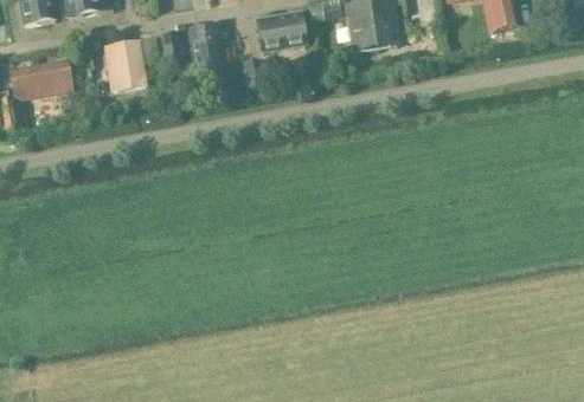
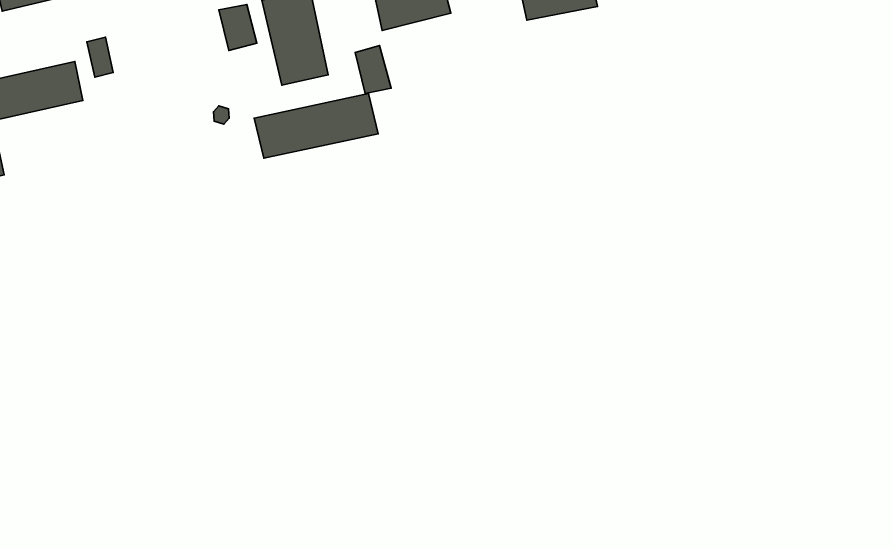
building: [103,38,146,89] -> none
building: none -> [254,94,378,158]

